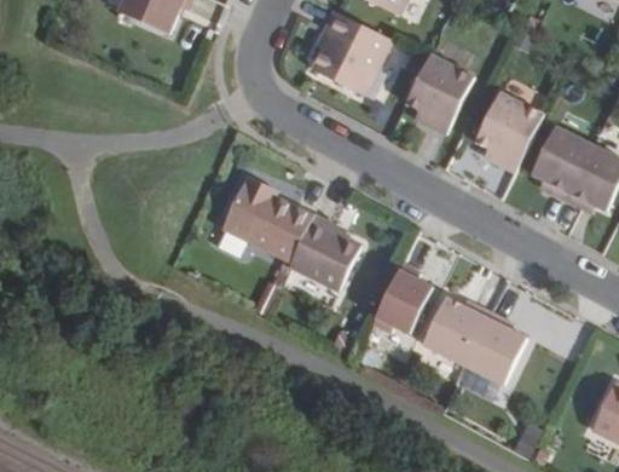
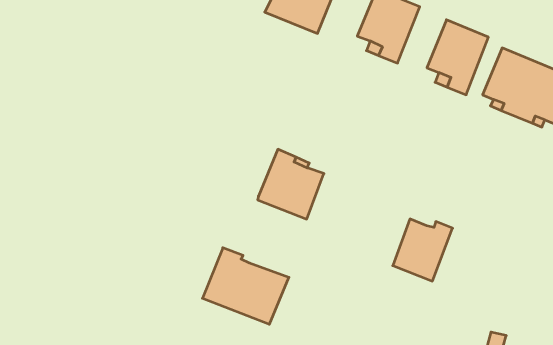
building: [221,177,313,260] -> [202,248,289,324]
building: [371,261,432,330] -> none
building: [463,310,526,384] -> none

